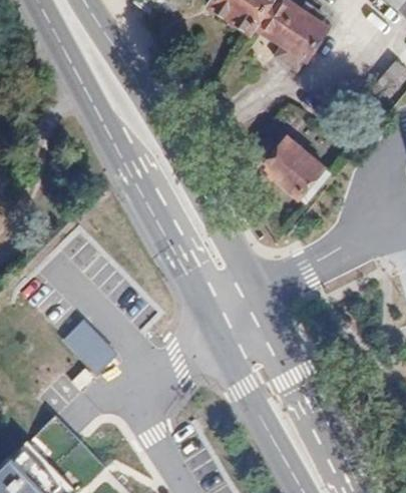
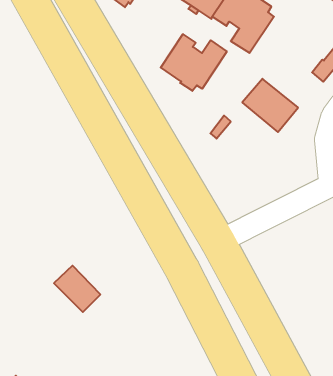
building: none -> [161,34,227,91]
building: [265,138,331,201] -> [242,79,298,132]

